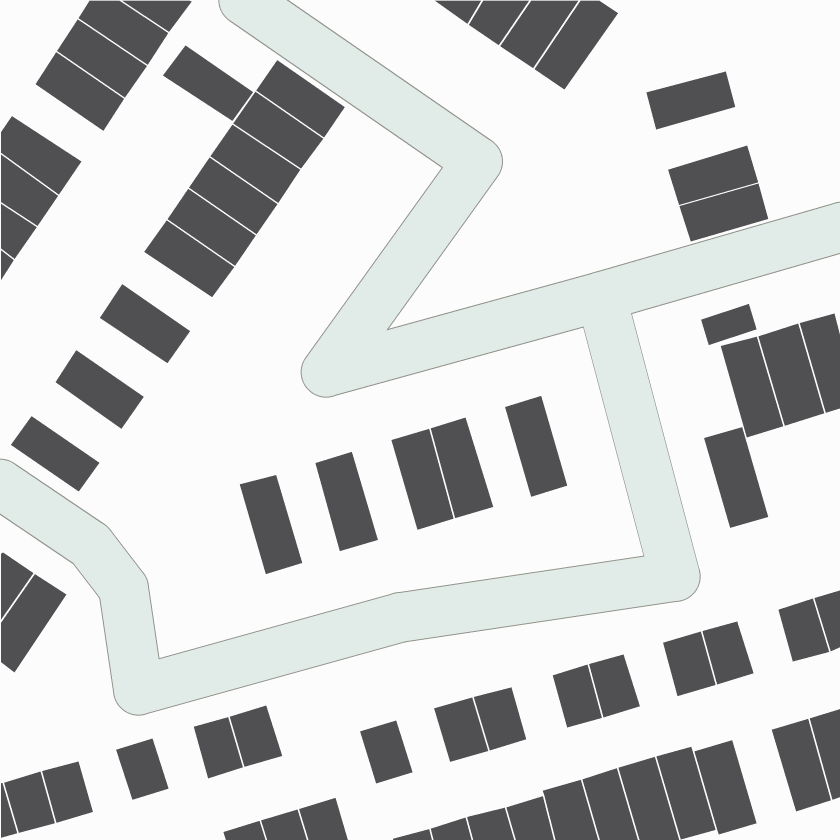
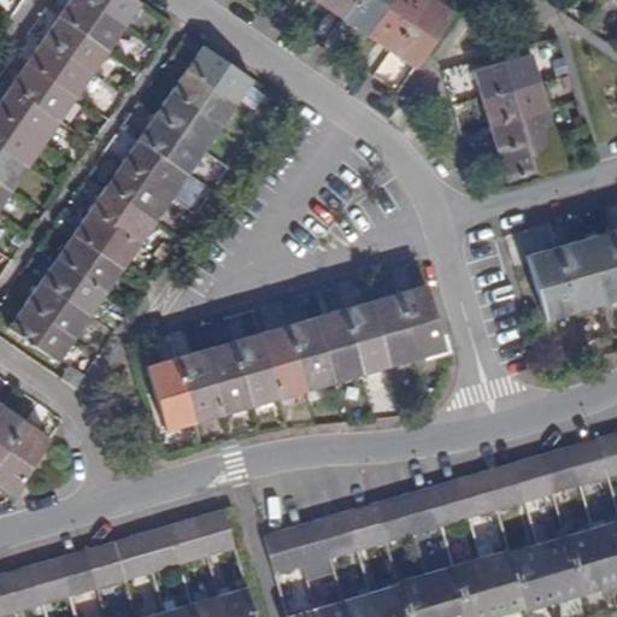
building: [162,44,254,122] -> [10,63,77,119]
building: none -> [481,80,548,125]
building: none -> [90,186,157,243]
building: none -> [57,234,124,292]
building: none -> [24,281,90,340]
building: none -> [342,299,389,372]
building: [703,426,769,529] -> [398,282,446,357]
building: none -> [259,323,306,396]
building: none -> [204,340,249,413]
building: none -> [149,355,195,429]
building: none -> [541,447,581,494]
building: none -> [458,471,496,518]
building: none -> [376,495,416,542]
building: none -> [196,509,236,554]
building: none -> [292,519,330,566]
building: none -> [113,533,153,578]
building: none -> [537,535,583,604]
building: none -> [59,550,98,595]

